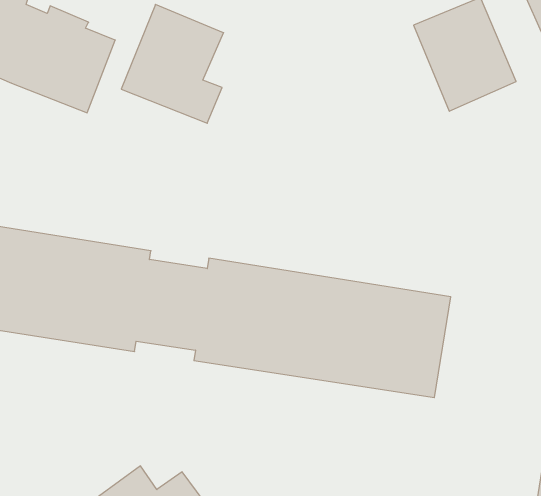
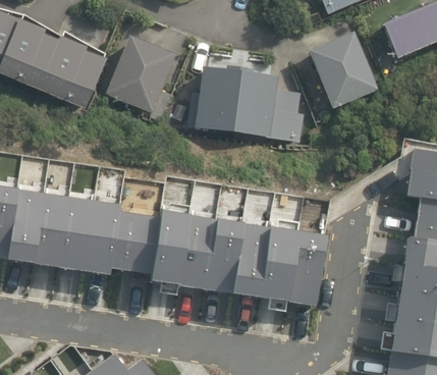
building: none -> [188,63,307,140]

